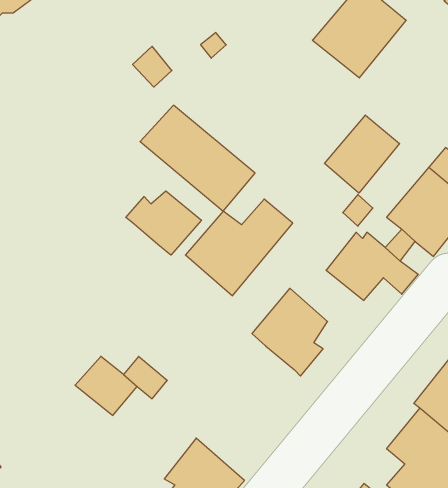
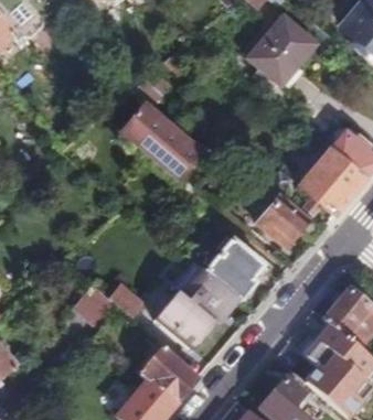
building: [325,115,400,193] -> none
building: [126,191,201,255] -> none
building: [185,199,293,296] -> [156,278,234,348]

